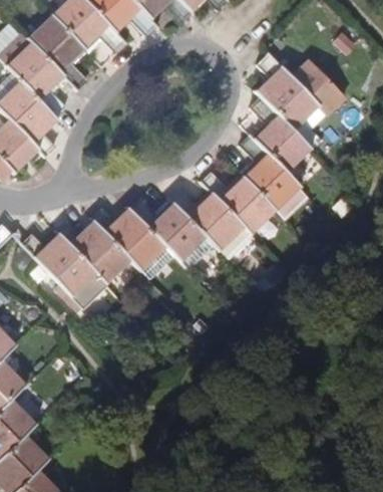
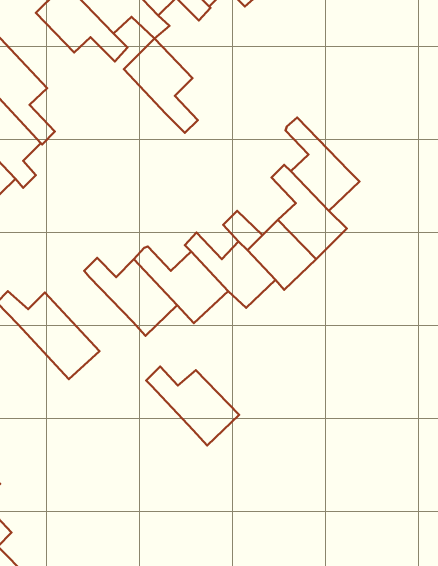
building: [30,16,88,90] -> [124,38,198,133]
building: [256,52,346,141] -> none
building: [57,221,130,283] -> [146,366,239,445]

